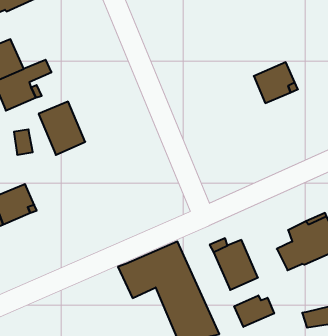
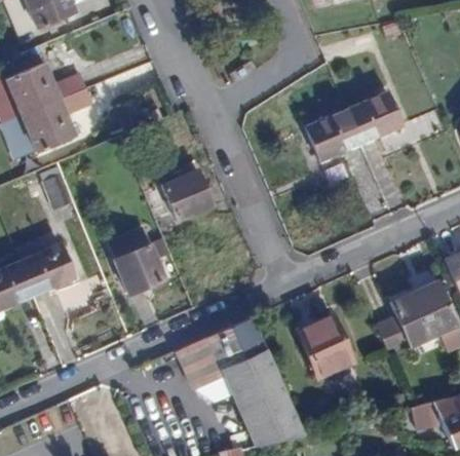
building: none -> [306,109,362,160]
building: [39,102,85,155] -> [108,228,166,295]
building: none -> [162,169,213,221]
building: [234,295,274,327] -> none

